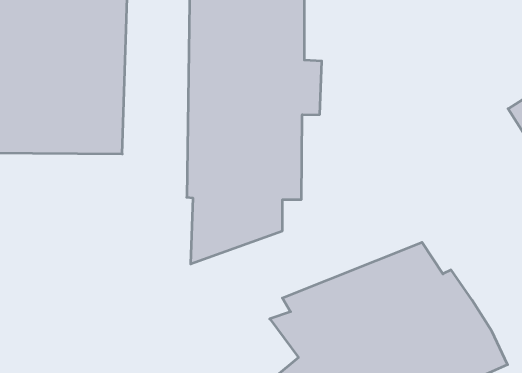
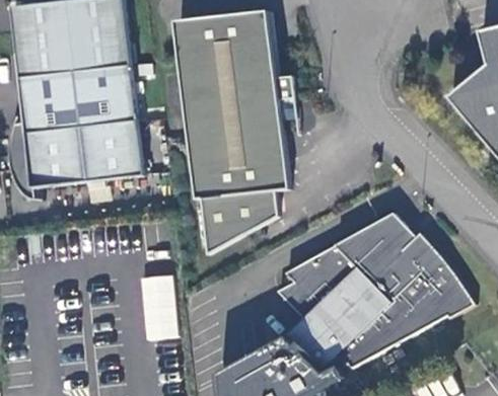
building: none -> [135,269,174,337]

